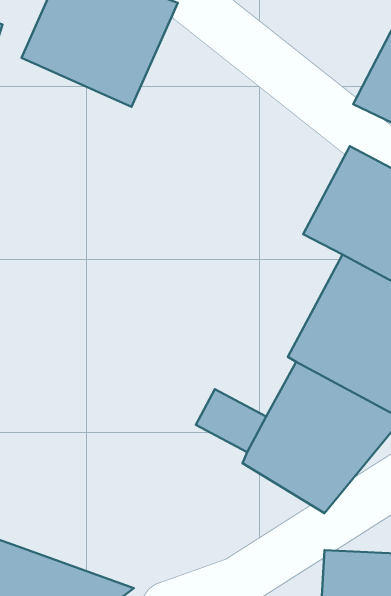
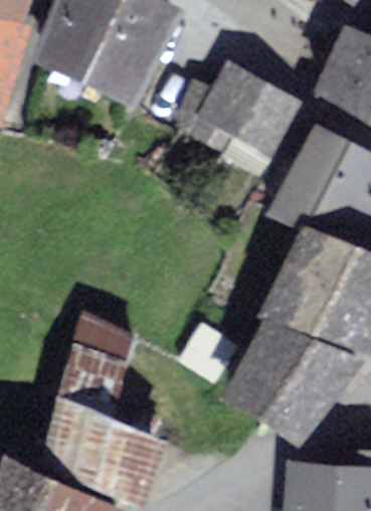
building: none -> [204,67,291,149]
building: none -> [37,322,158,501]

